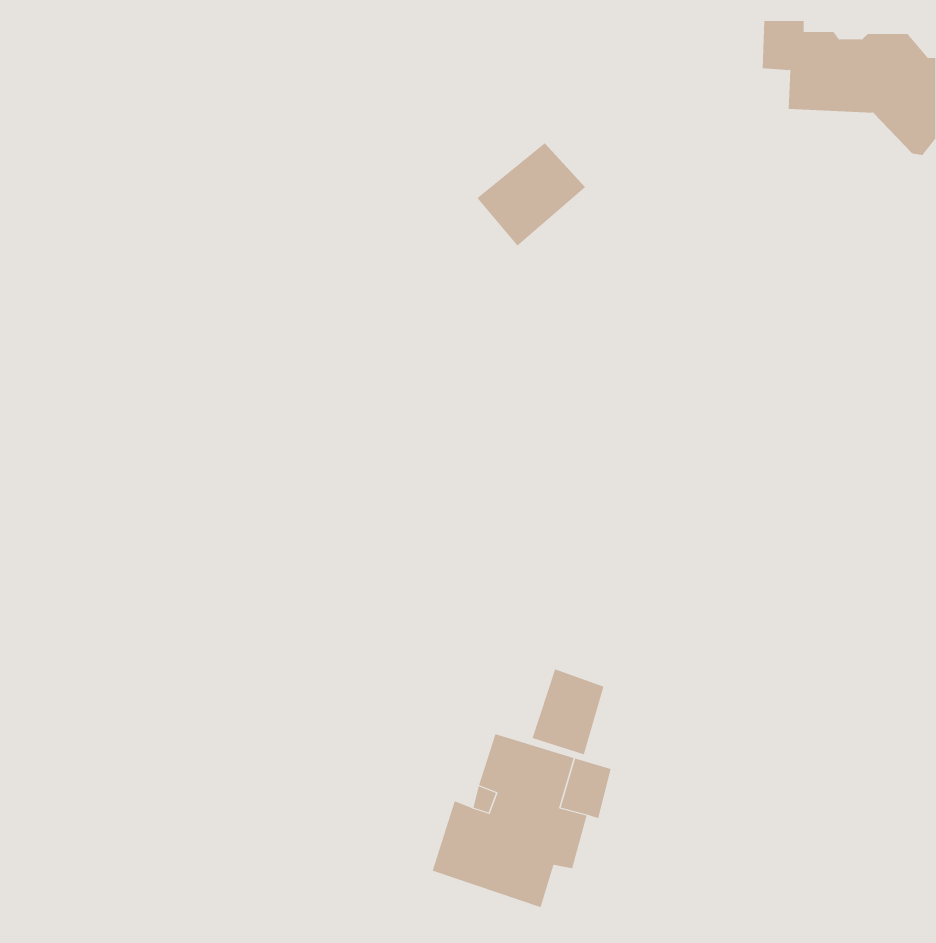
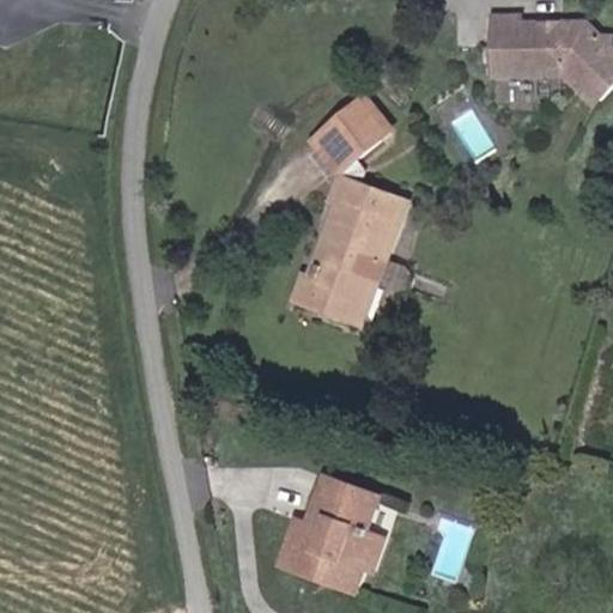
building: none -> [299,182,406,328]
building: [532,668,604,755] -> none

